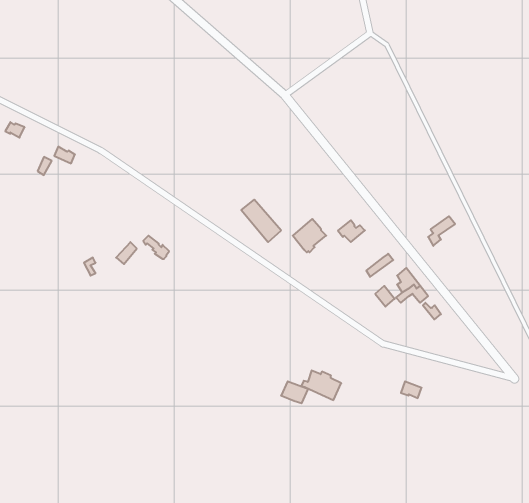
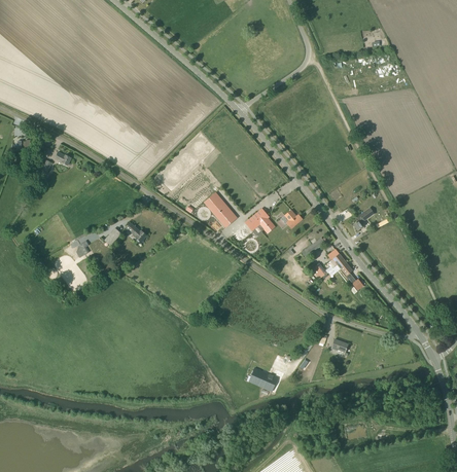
building: [301,370,341,400] -> [245,367,277,391]

